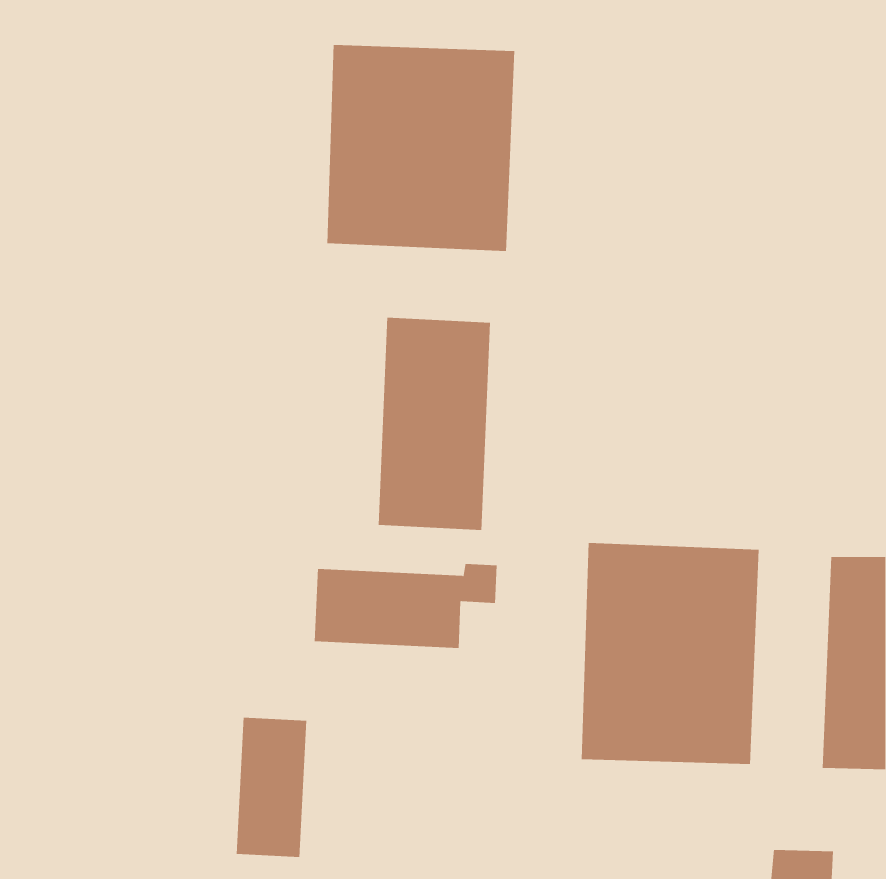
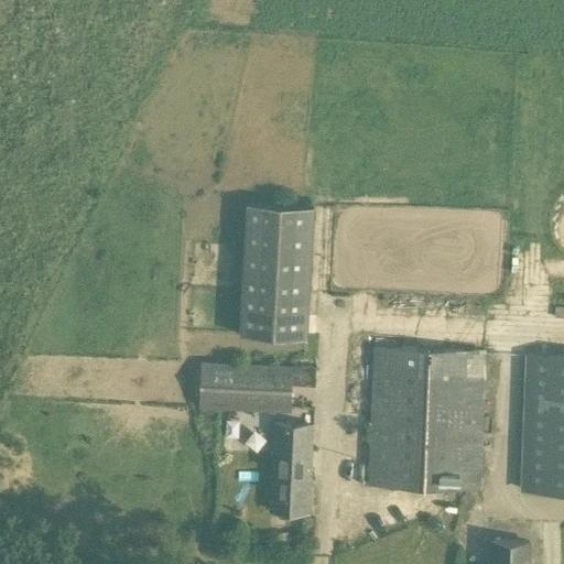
building: [327,44,515,252] -> none
building: [236,717,307,857] -> [269,426,314,516]

